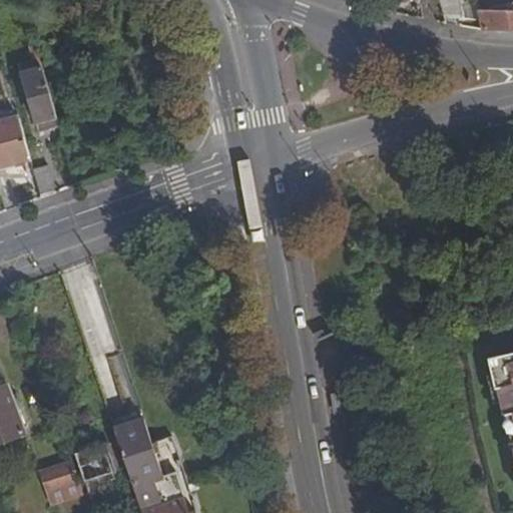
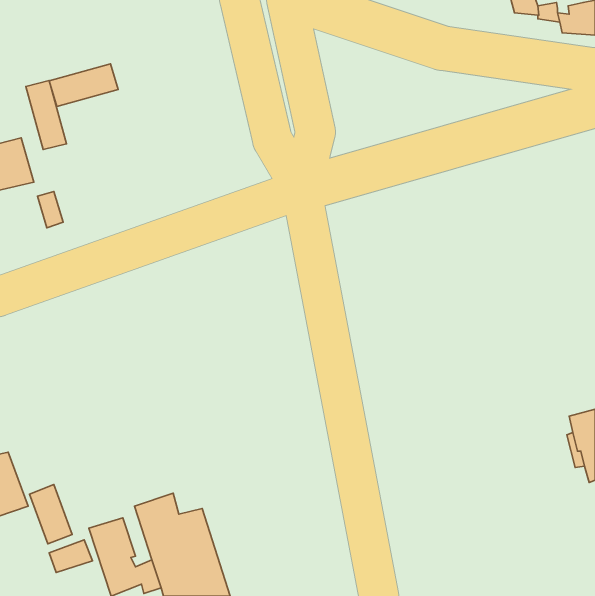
building: none -> [49,64,118,107]
building: none -> [29,485,72,544]

